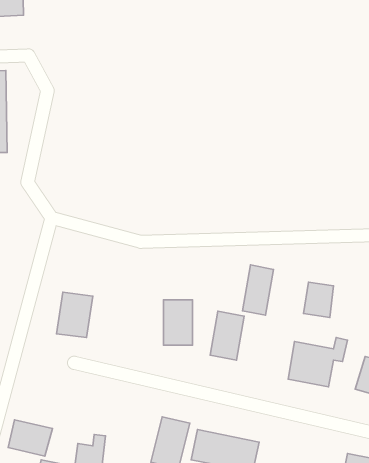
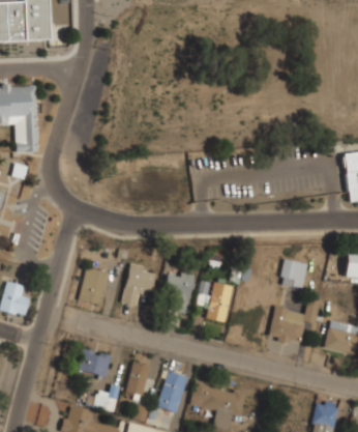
building: [243,265,274,315] -> none
building: none -> [123,269,150,306]
building: none -> [124,358,151,399]
building: [8,420,52,456] -> [77,347,113,377]

